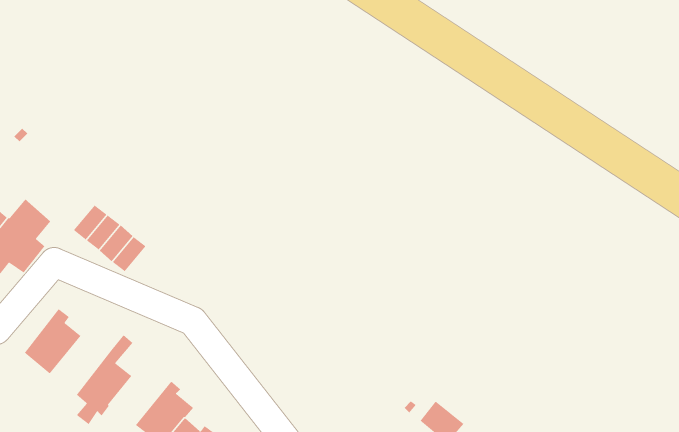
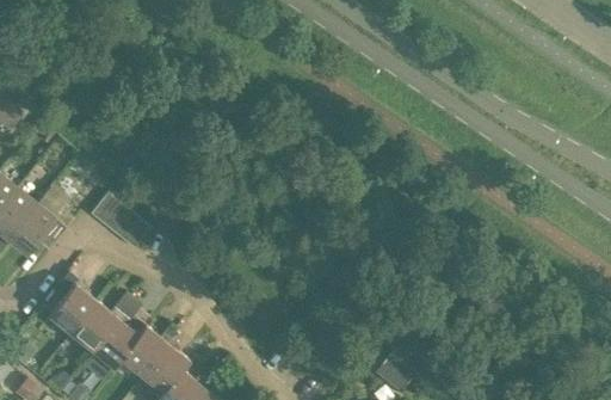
building: none -> [70,294,131,350]
building: none -> [119,325,171,375]

